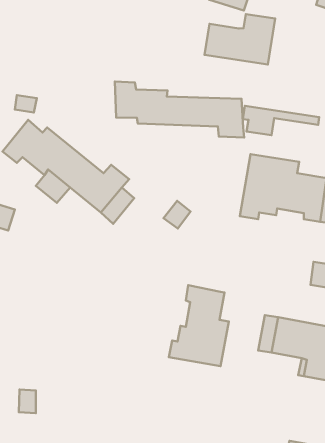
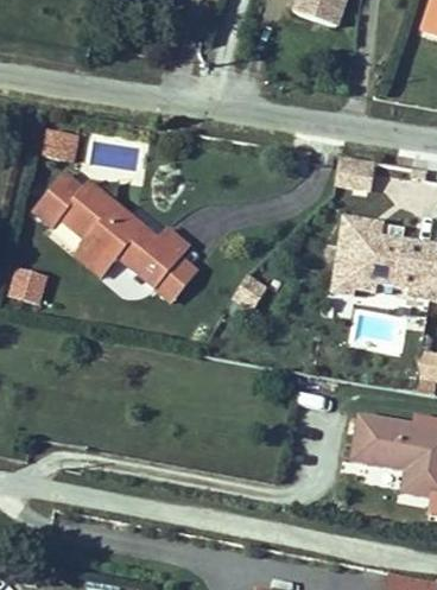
building: [205,14,275,65] -> none
building: [115,82,244,138] -> none
building: [169,285,229,366] -> none

